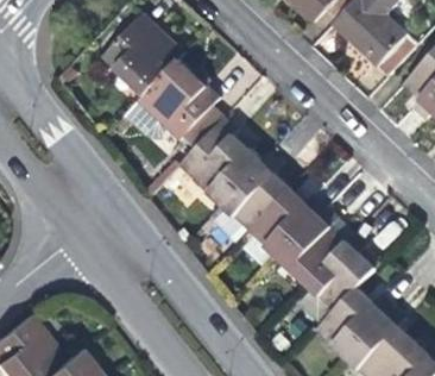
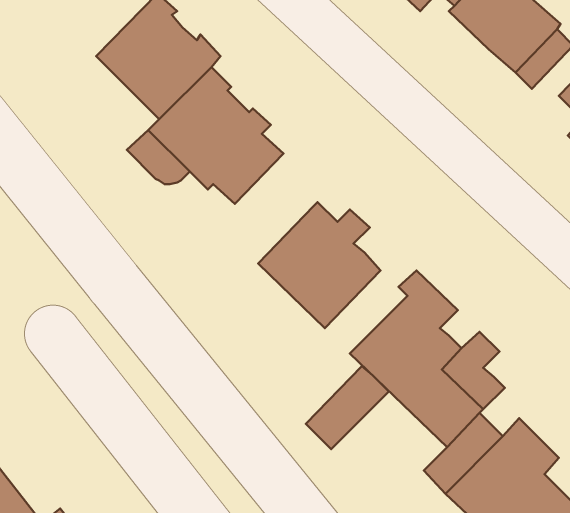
building: [181,117,245,189] -> none
building: [252,194,307,249] -> [306,366,389,449]

